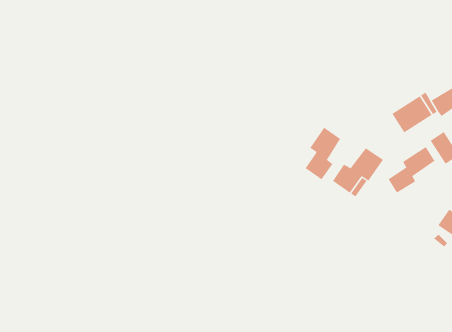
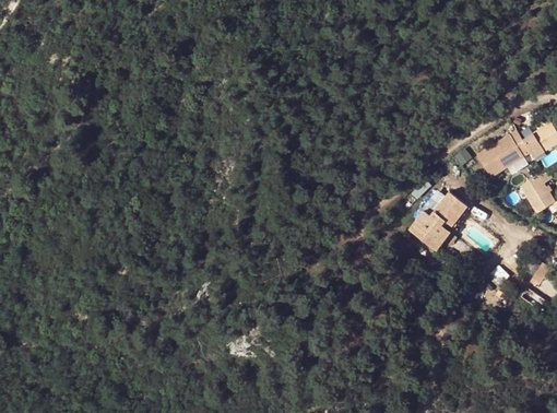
building: [305,127,341,180] -> none
building: [388,146,435,194] -> none

